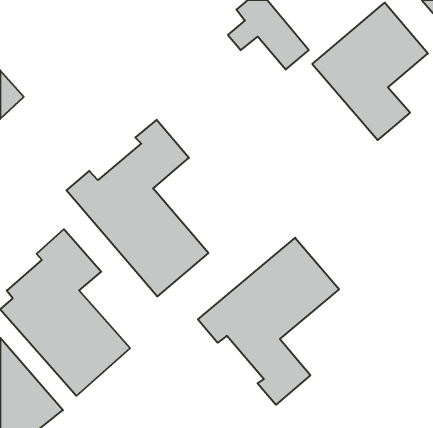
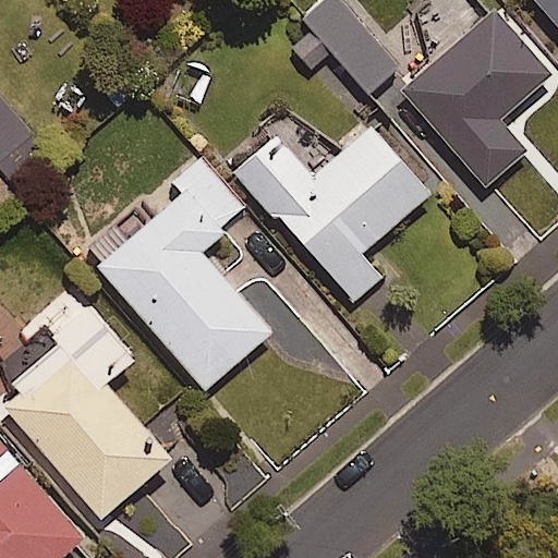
building: none -> [230,126,428,303]
building: [198,238,339,405] -> none

